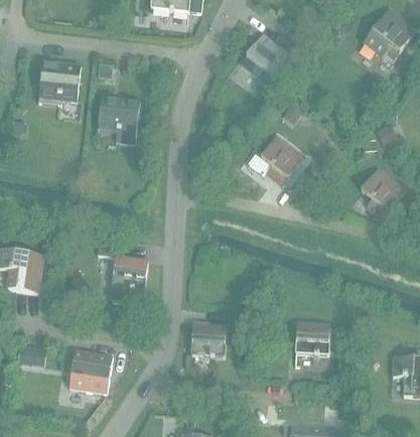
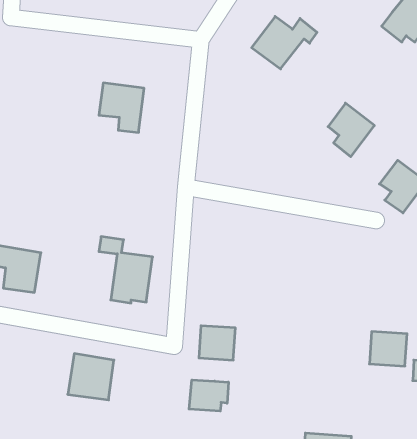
building: [38,60,81,105] -> none
building: [261,135,304,185] -> [328,103,374,157]
building: [295,321,330,353] -> [369,332,407,366]
building: none -> [189,380,228,411]

